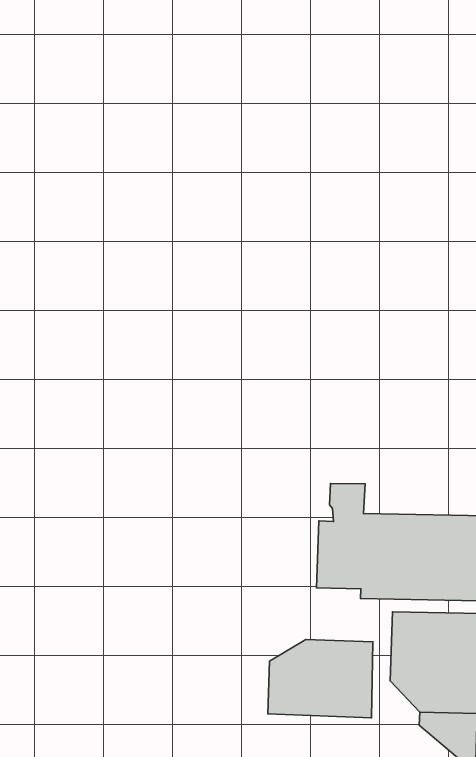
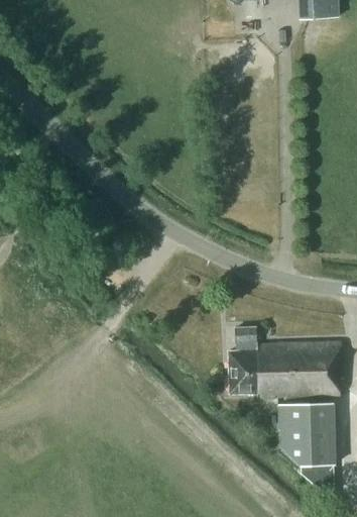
building: [268,639,373,718] -> none

